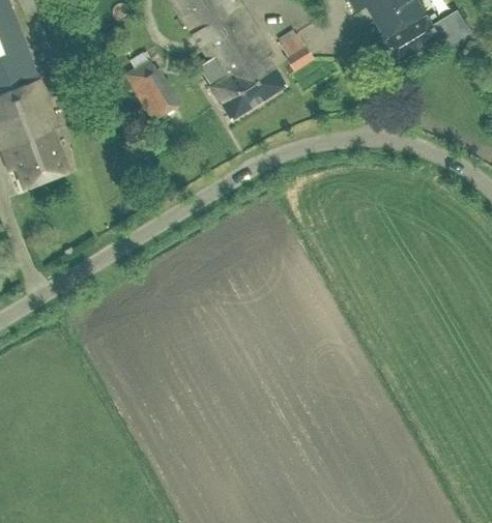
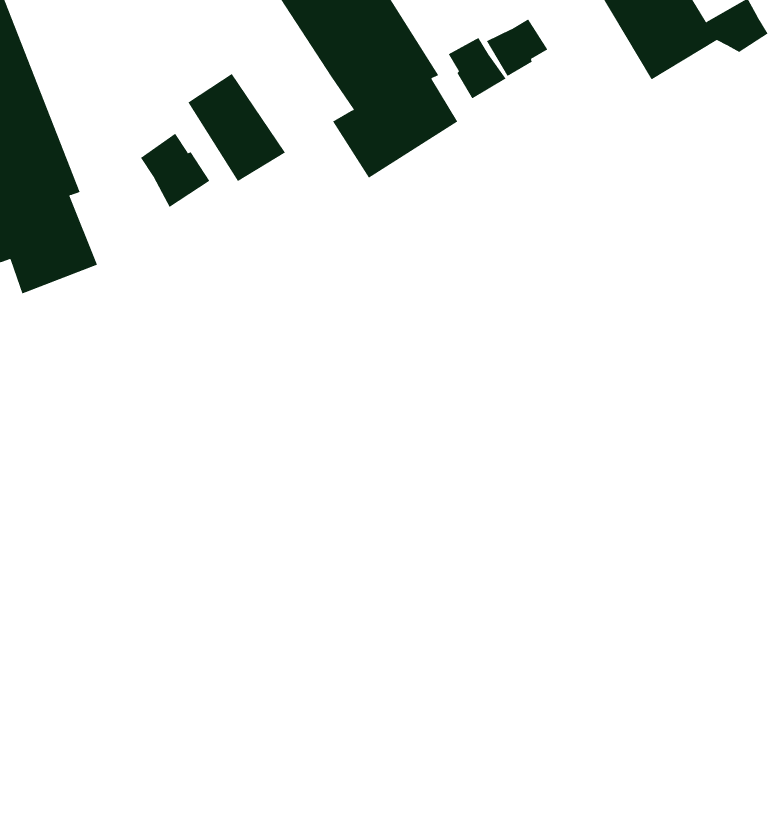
building: none -> [486,19,548,77]
building: none -> [140,133,210,208]

